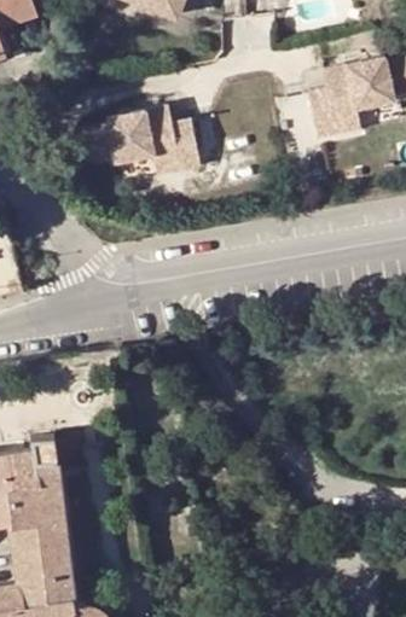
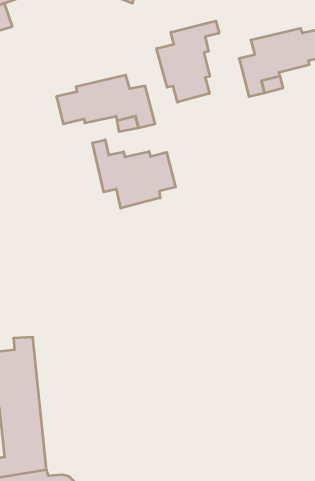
building: none -> [157,21,219,102]
building: none -> [93,140,176,208]

